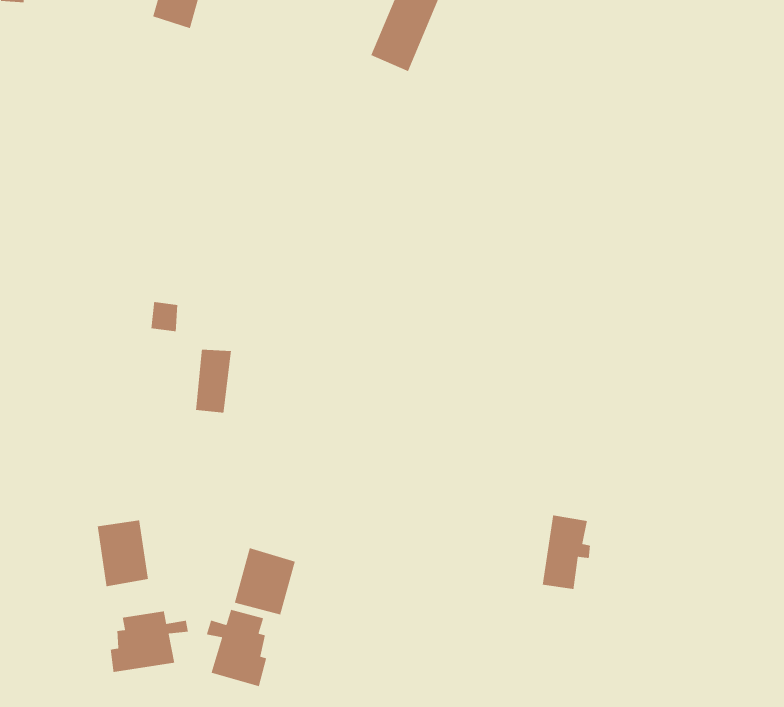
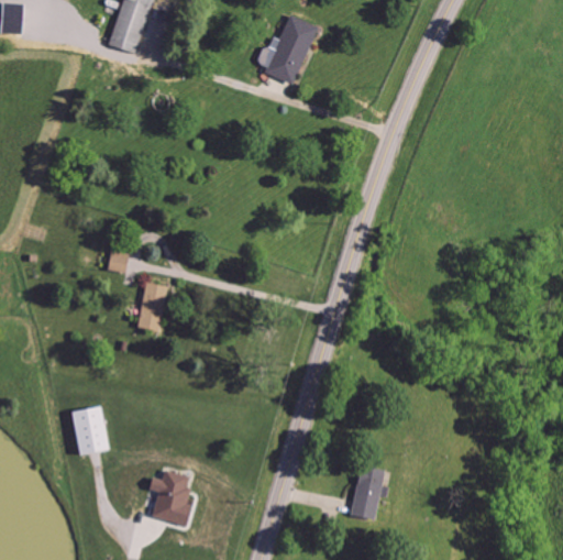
building: [542,514,591,590] -> [351,464,386,518]
building: [234,547,296,616] -> none
building: [110,611,189,673] -> none

